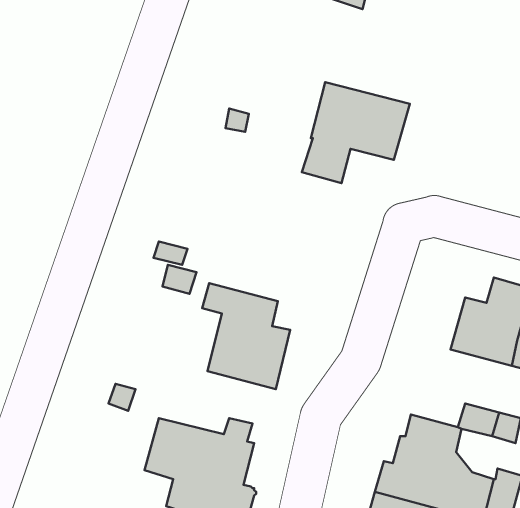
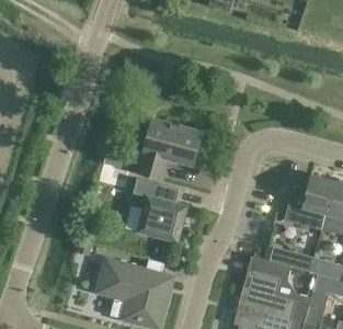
building: [302,82,410,183] -> [137,120,203,181]

